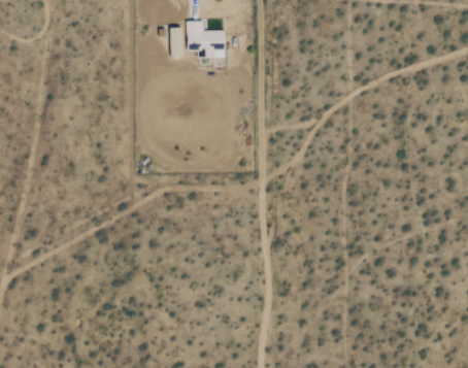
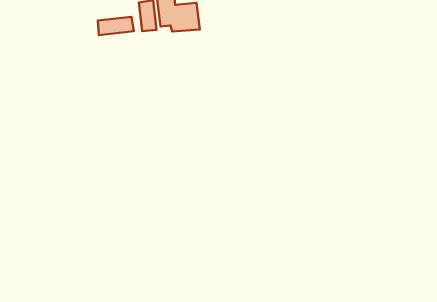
building: none -> [98,17,134,35]

